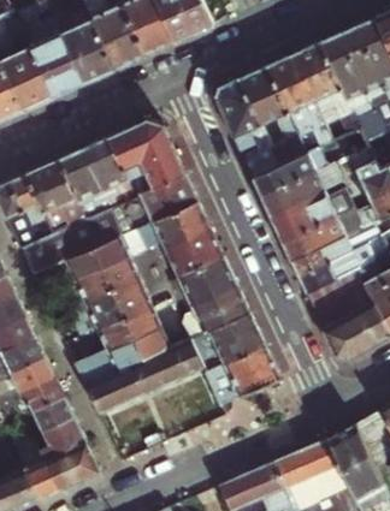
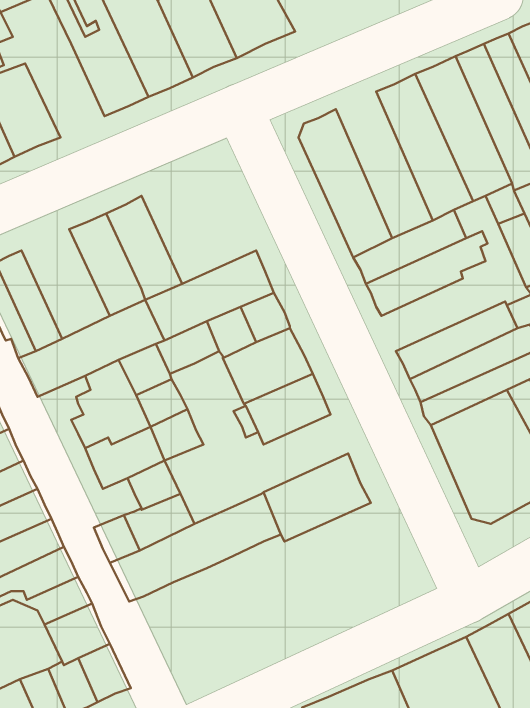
building: [28,34,82,97] -> none
building: [240,66,306,166] -> none
building: [107,120,185,197] -> none
building: [25,160,85,234] -> none
building: [271,190,355,243] -> none
building: [181,286,248,340] -> none
building: [123,307,170,361] -> none
building: [205,346,279,408] -> none

